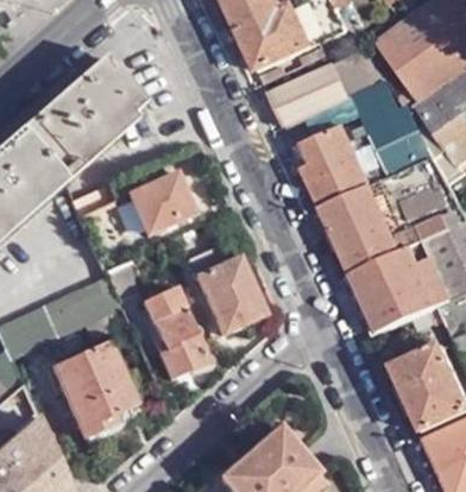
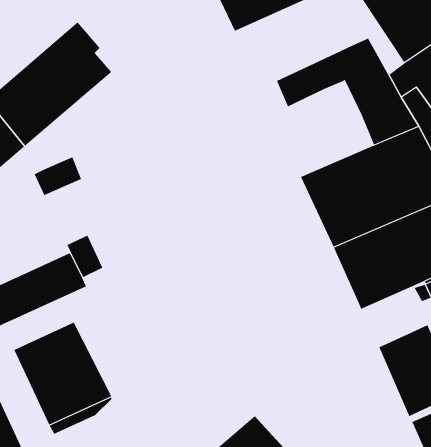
building: [267,49,373,121] -> none
building: [294,122,389,204] -> none
building: [126,174,191,235] -> none
building: [185,246,263,334] -> none
building: [139,285,204,380] -> none

